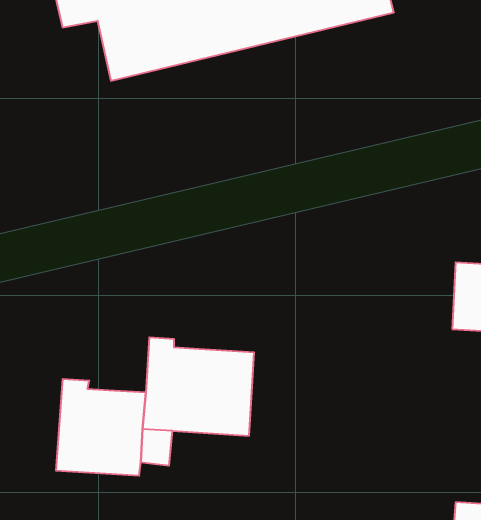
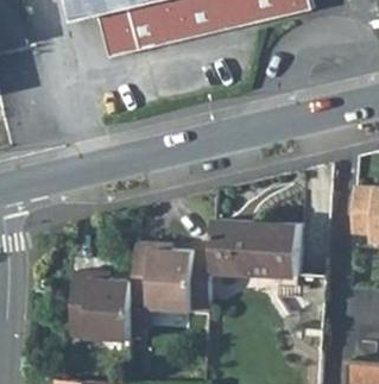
building: none -> [207,221,295,277]

